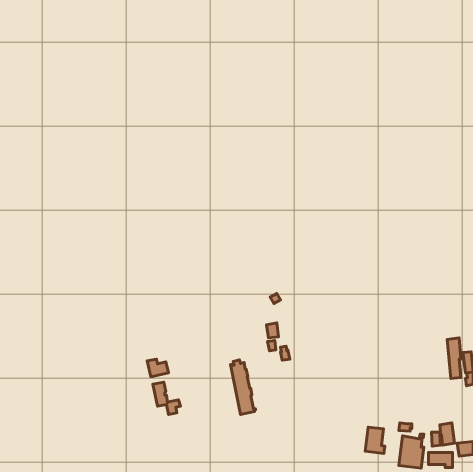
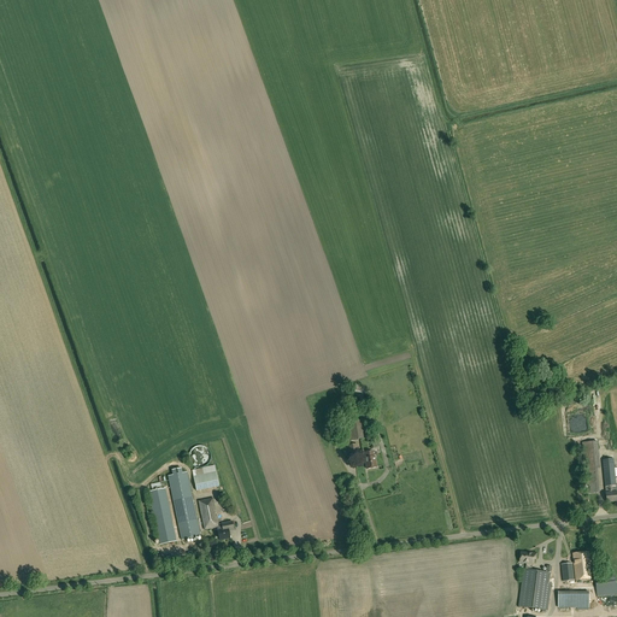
building: [230,360,255,414] -> [169,468,201,539]
building: none -> [148,486,177,543]
building: [365,427,385,454] -> none

